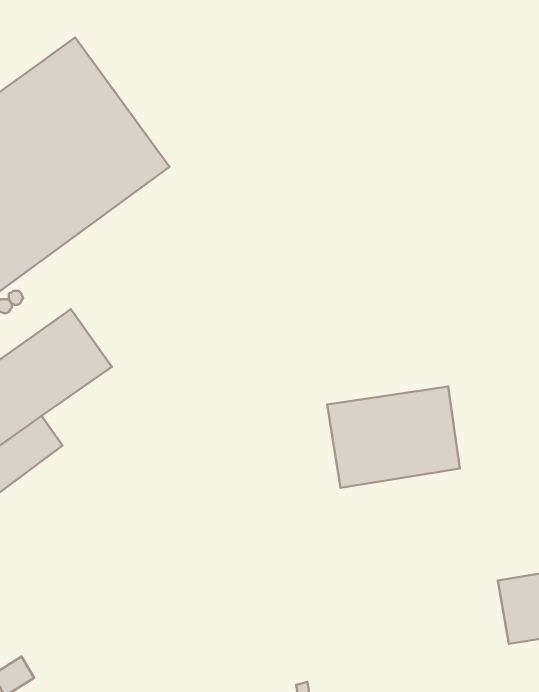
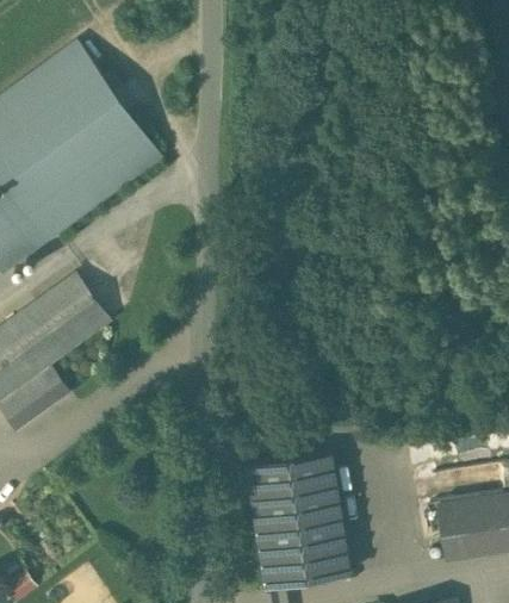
building: [327,386,460,488] -> none
building: none -> [248,453,348,585]

